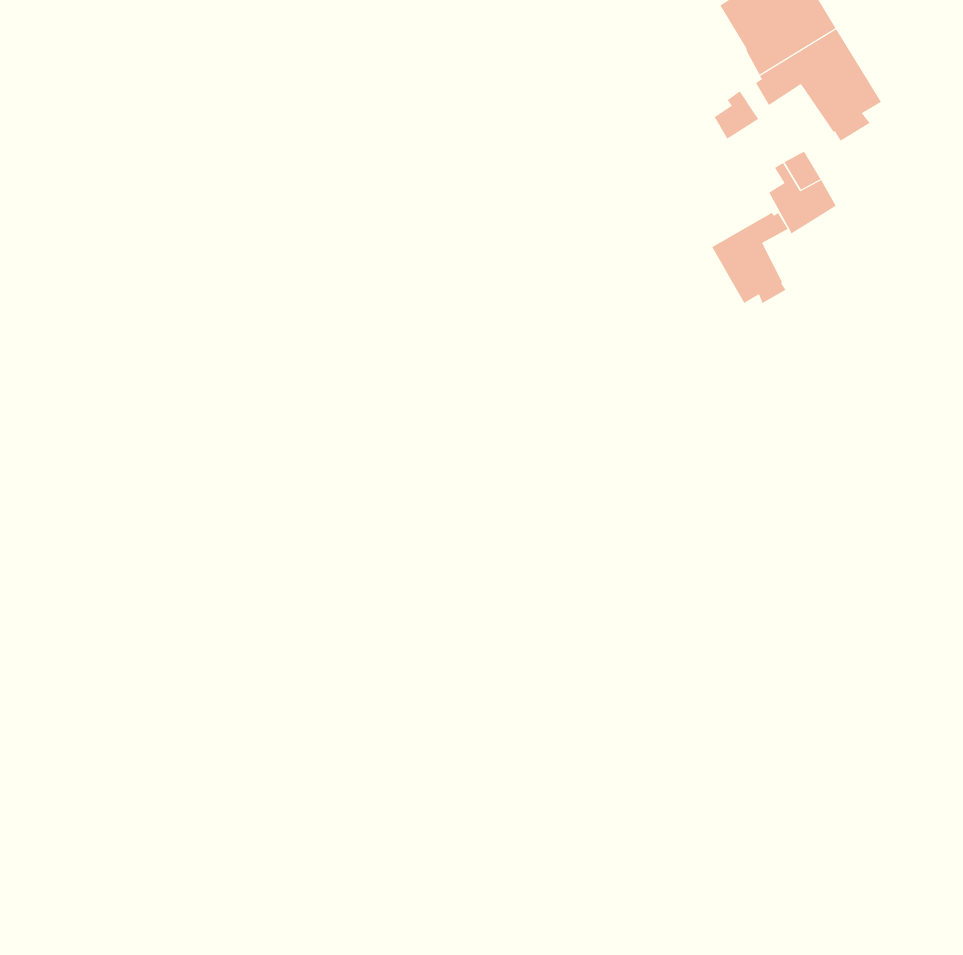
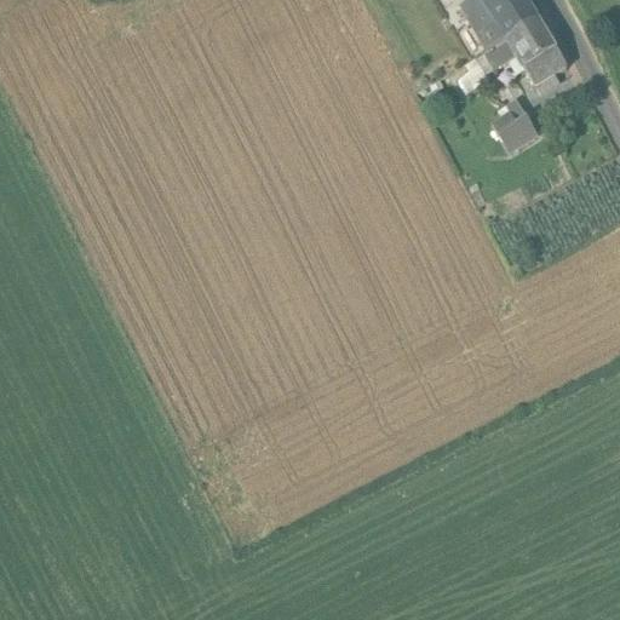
building: [712,212,789,304] -> none

